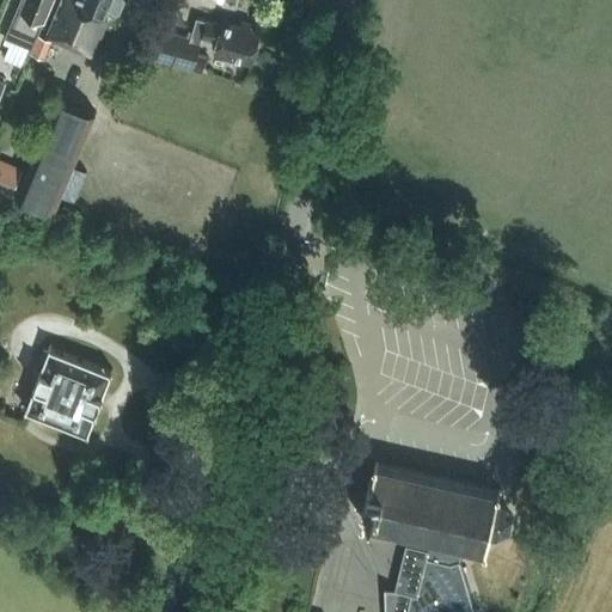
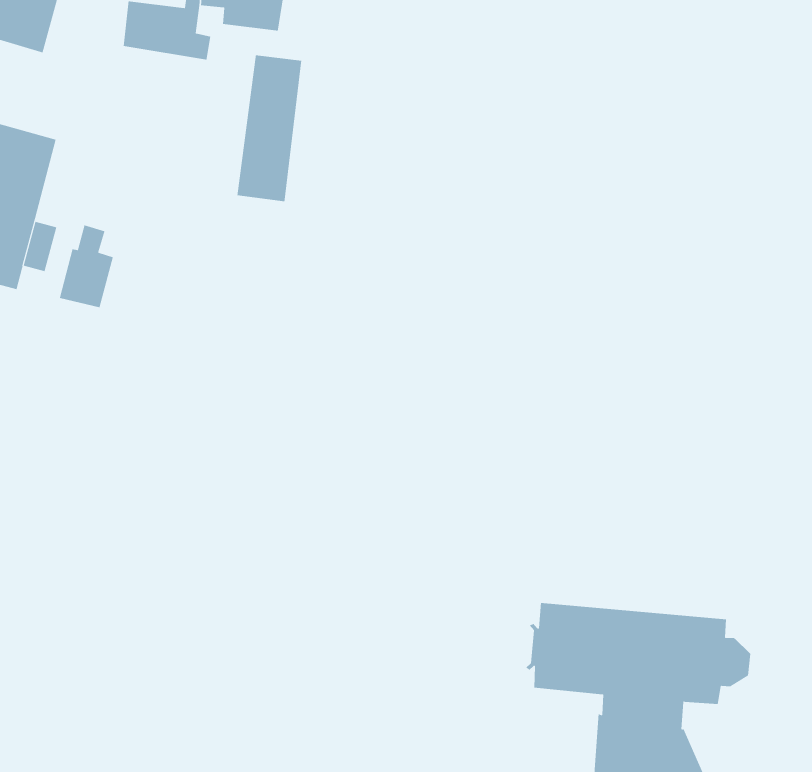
building: none -> [237,55,302,202]
building: none -> [59,225,114,308]
building: [26,350,110,435] -> none

